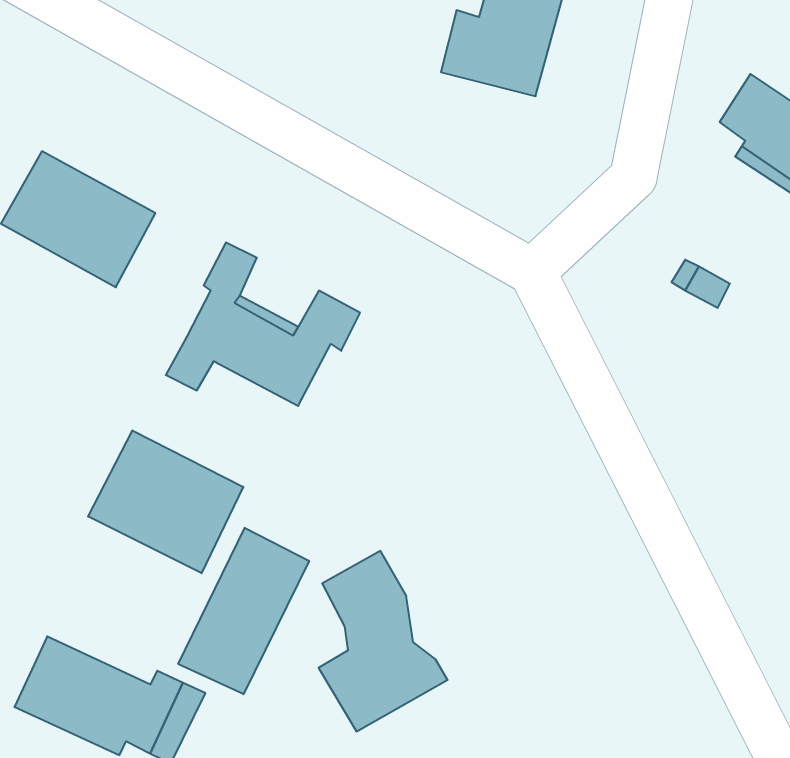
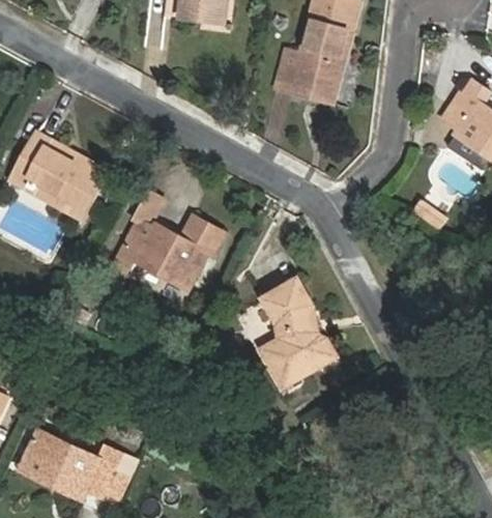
building: [88,430,243,573] -> none
building: [178,528,309,694] -> none
building: [319,551,448,731] -> [260,279,338,387]

